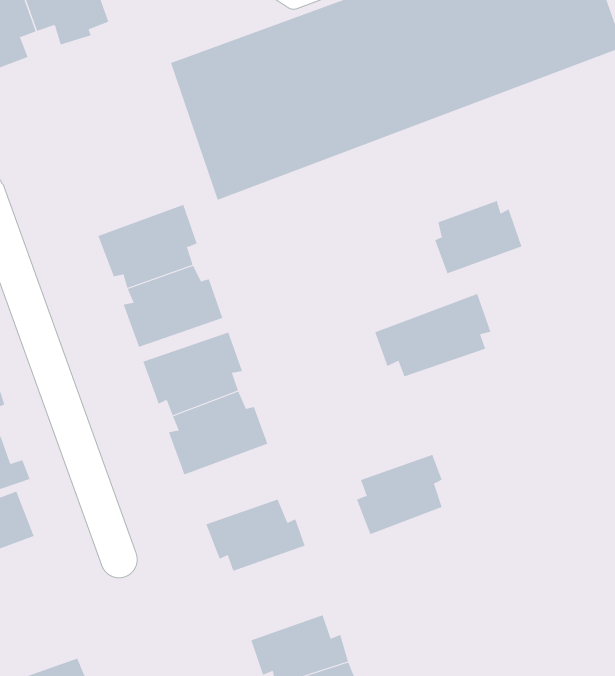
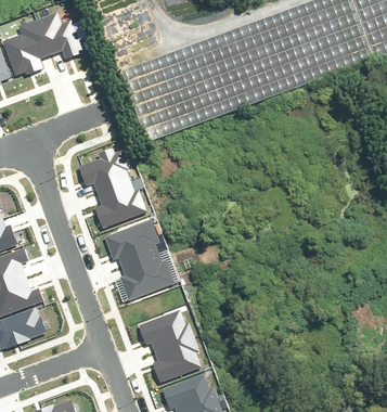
building: [435,200,522,274] -> none
building: [374,293,491,377] -> none
building: [356,454,443,535] -> [153,336,201,381]

